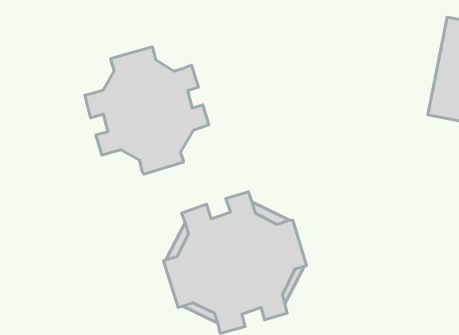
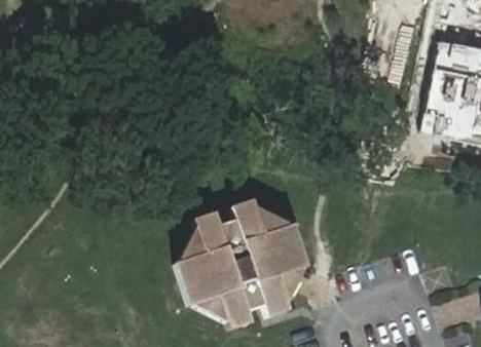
building: [85,47,209,174] -> none

